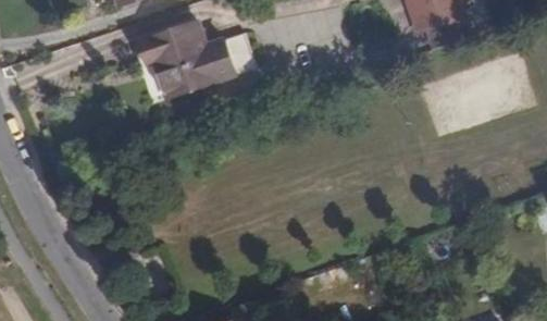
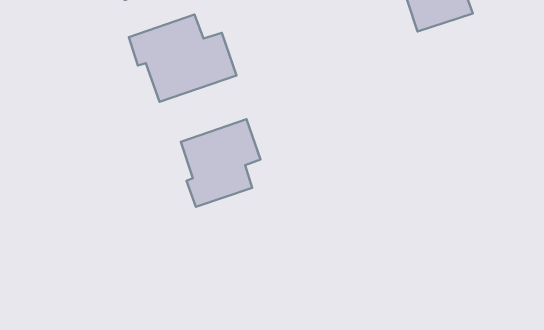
building: none -> [181,119,260,207]

